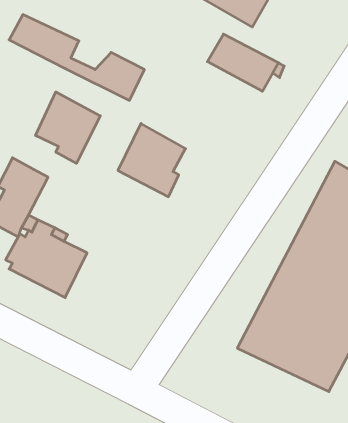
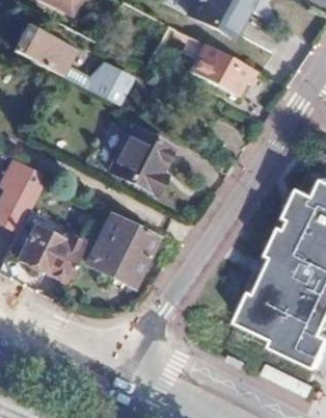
building: [36,92,100,163] -> none
building: none -> [85,216,156,288]

